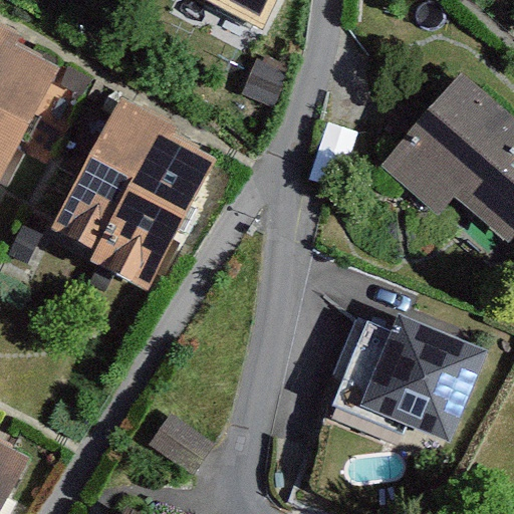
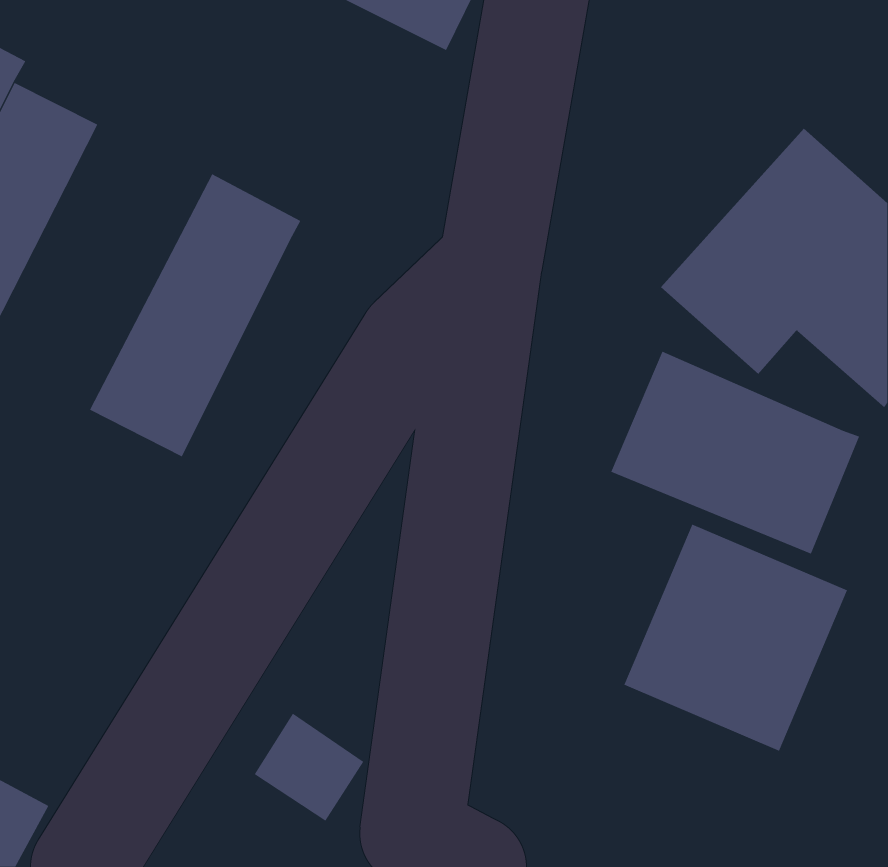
building: [97,138,215,298] -> none
building: none -> [611,351,860,555]

